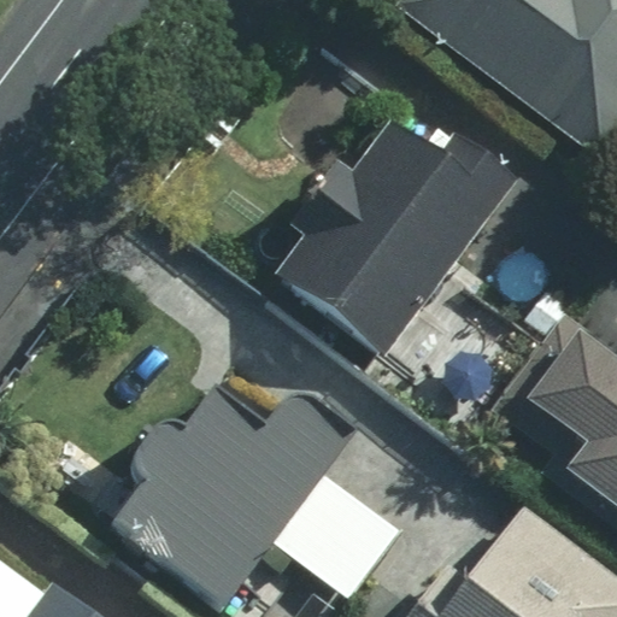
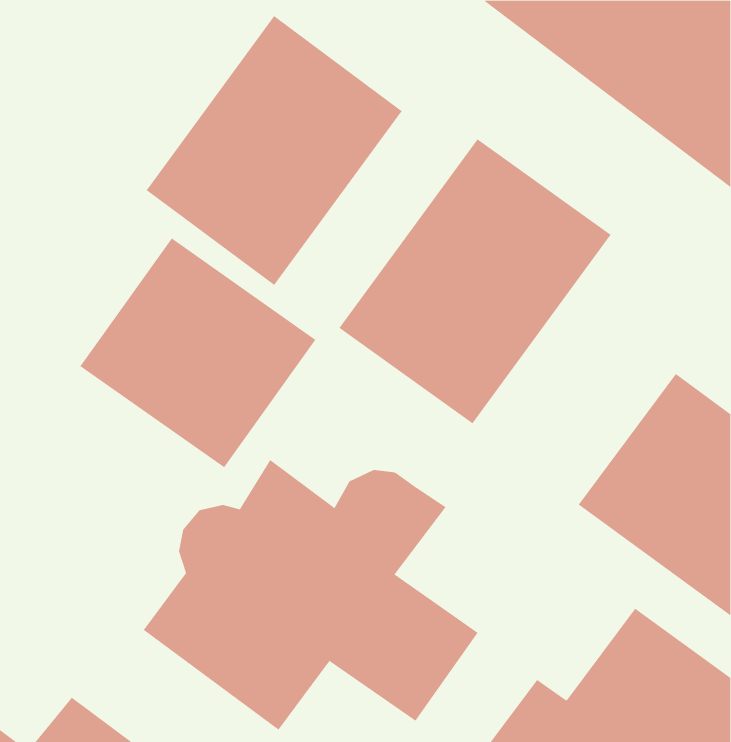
building: none -> [146,15,402,286]
building: none -> [80,238,316,468]

